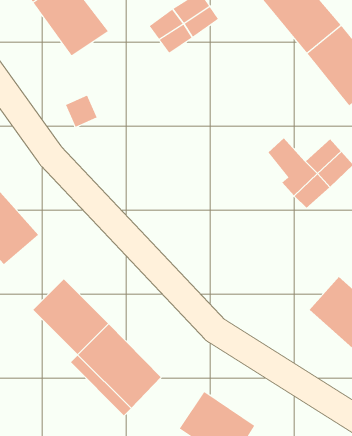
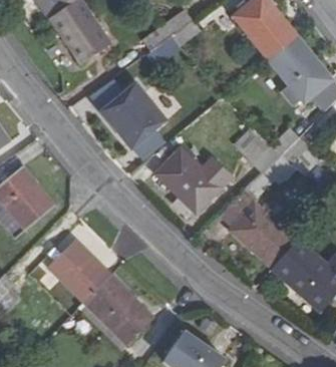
building: none -> [101,82,165,147]
building: none -> [154,145,220,210]
building: none -> [229,201,294,264]

